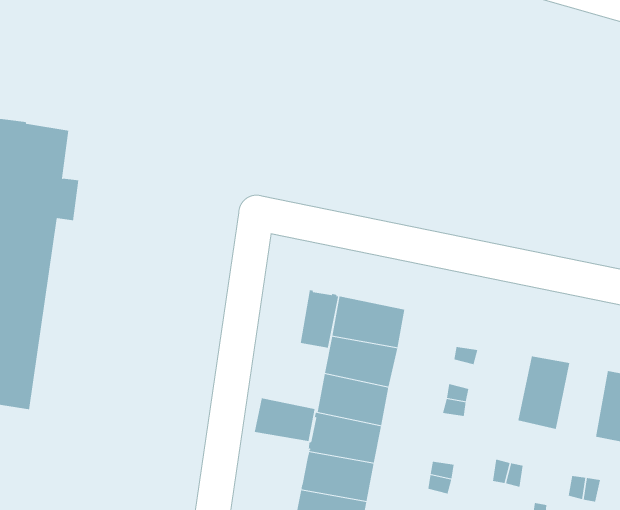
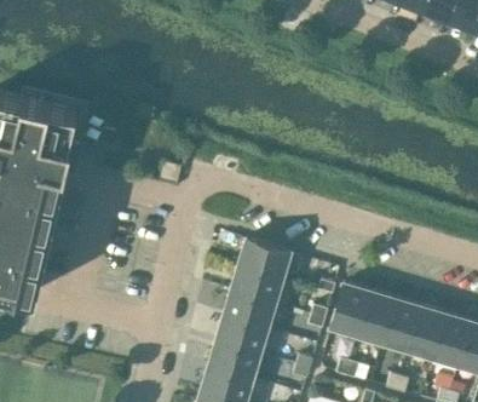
building: [300,289,339,349] -> none
building: none -> [332,283,370,334]
building: none -> [382,299,420,350]
building: [254,398,315,442] -> none

